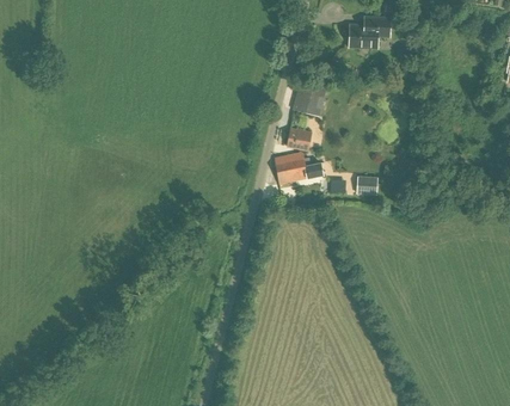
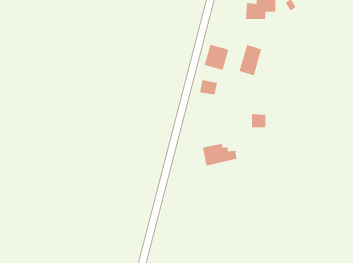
building: none -> [239,44,262,76]
building: [275,152,322,183] -> [202,143,238,166]

